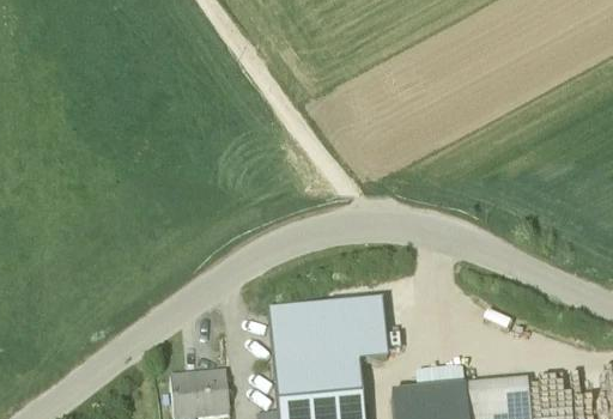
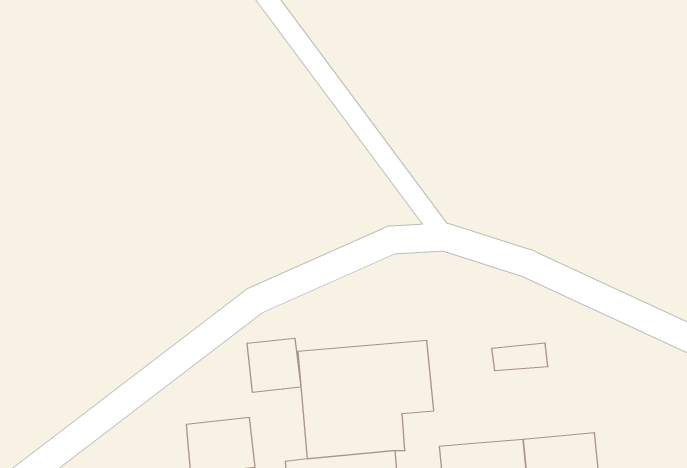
building: none -> [247,338,301,392]
building: [417,372,466,396] -> [492,343,548,371]

